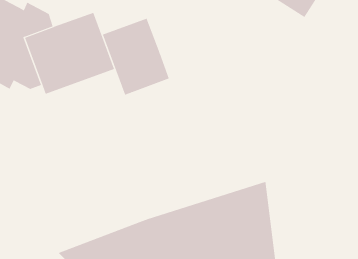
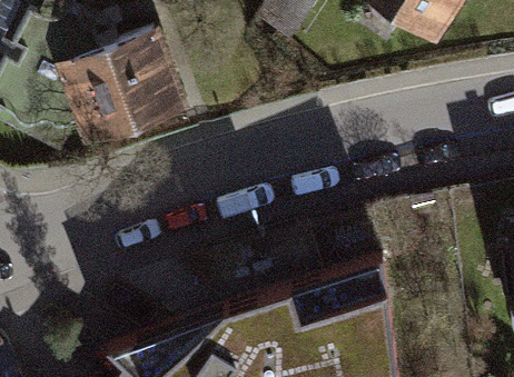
building: [102,18,170,95] -> none

